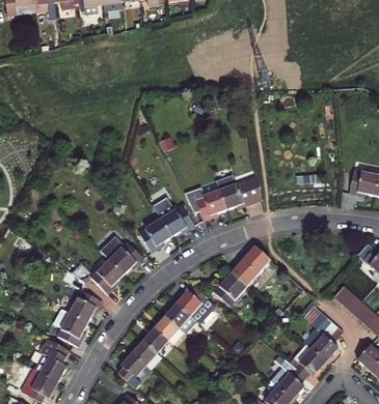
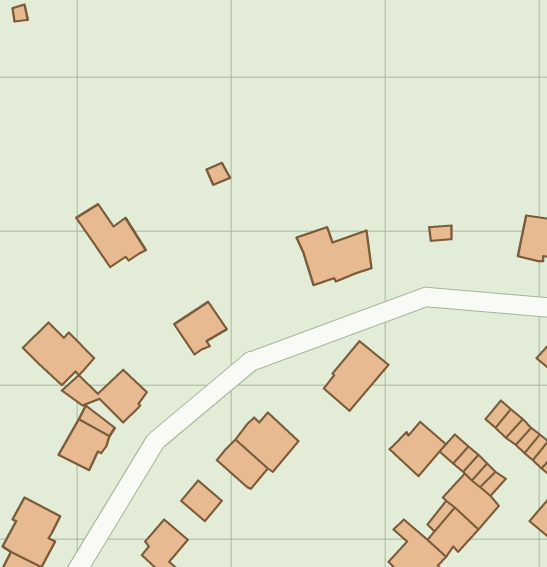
building: [182,189,224,222] -> none
building: [151,199,193,237] -> [76,204,146,267]
building: [99,237,142,276] -> [23,322,94,385]
building: [212,273,246,307] -> [390,422,446,476]
building: [53,310,87,346] -> none
building: [154,317,184,346] -> none
building: [133,342,164,371] -> none

